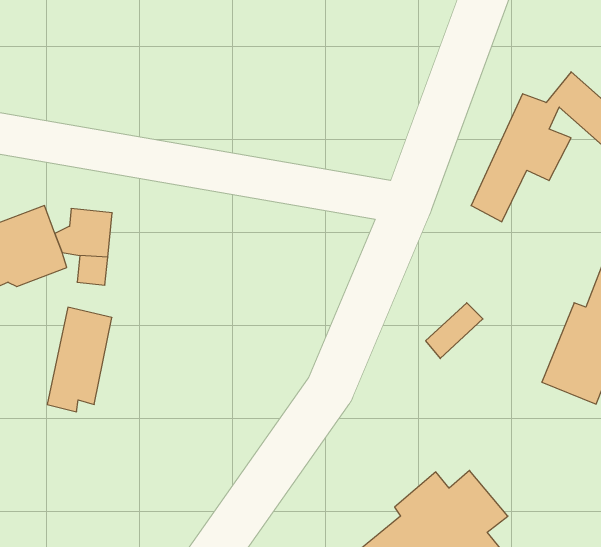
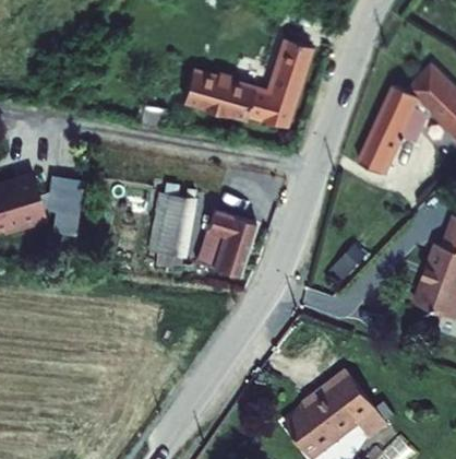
building: none -> [197,43,311,125]
building: none -> [202,214,257,264]
building: [47,307,112,412] -> [146,189,194,267]

